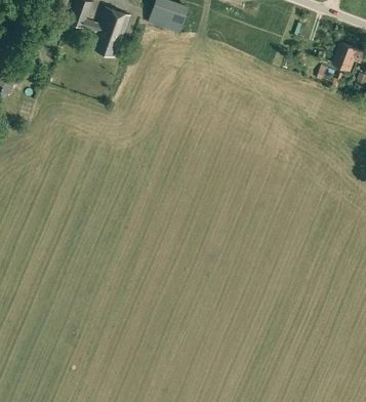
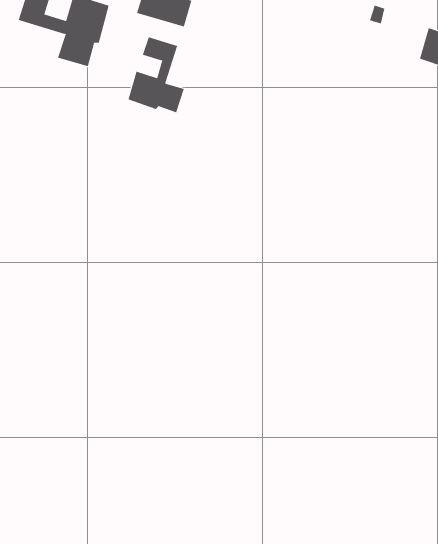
building: none -> [128,37,185,113]

